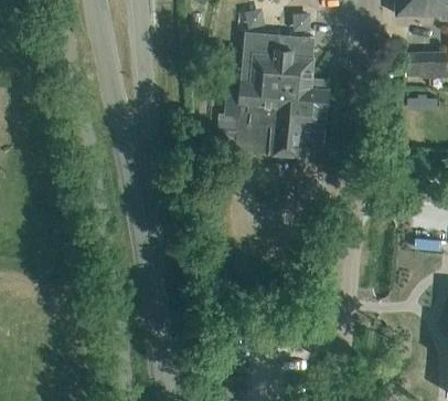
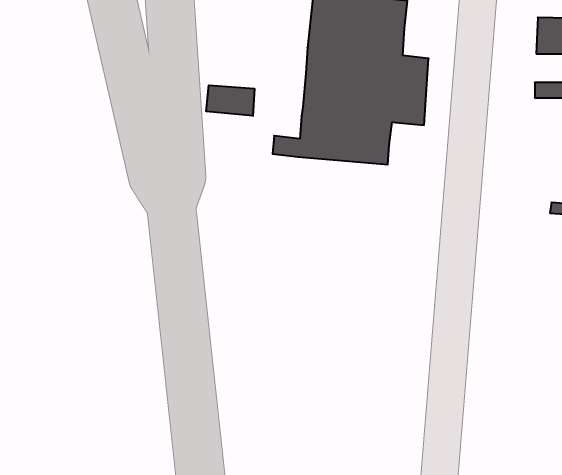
building: none -> [206,85,254,116]

